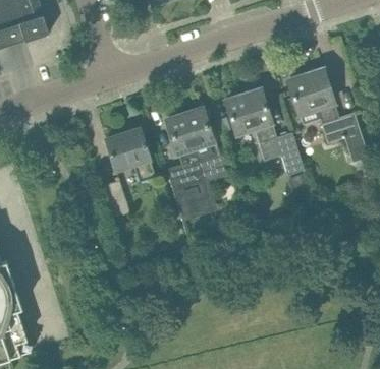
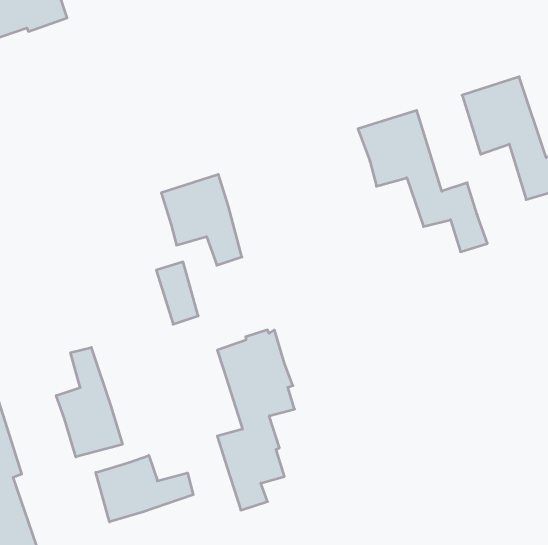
building: [167,107,214,216] -> [217,330,295,510]
building: none -> [56,347,122,457]
building: none -> [96,455,193,522]

